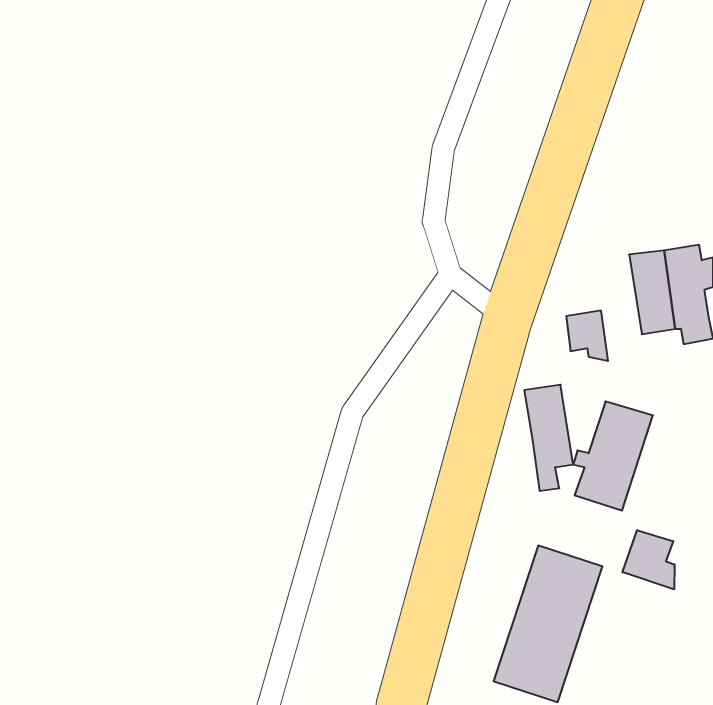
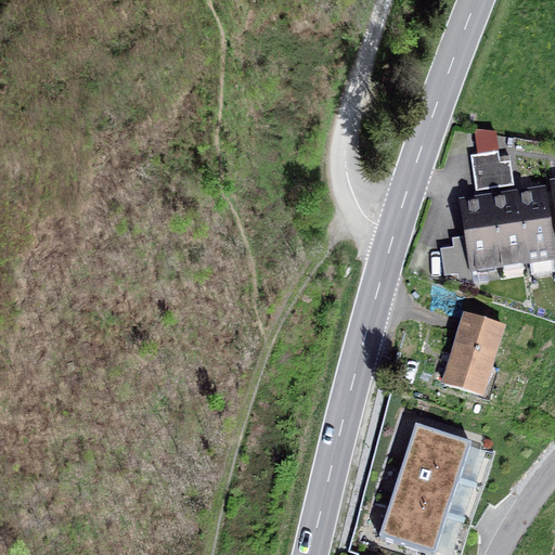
building: none -> [468,149,512,186]
building: [524,385,573,491] -> [460,197,498,280]
building: [622,530,675,589] -> none

